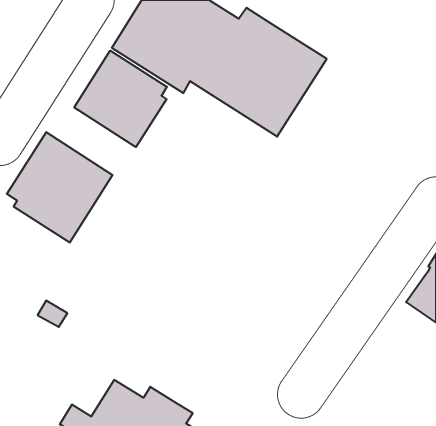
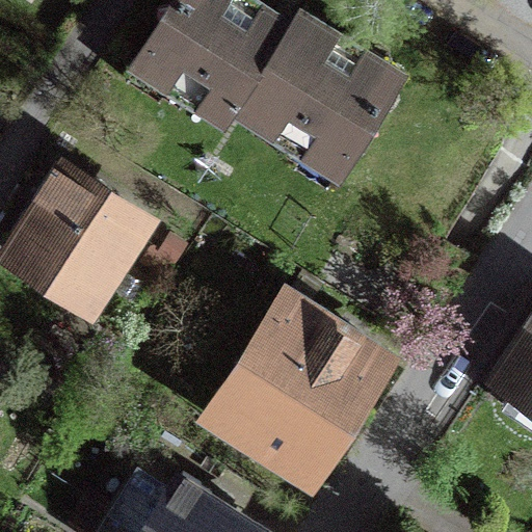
building: [74,51,167,147] -> none
building: none -> [222,304,382,474]

